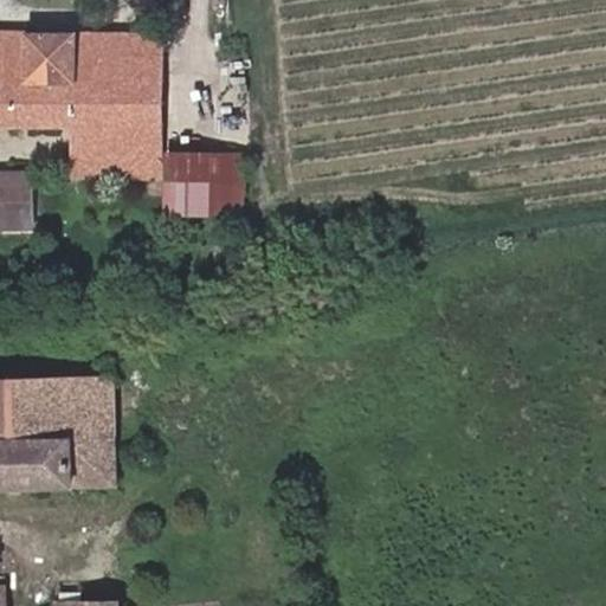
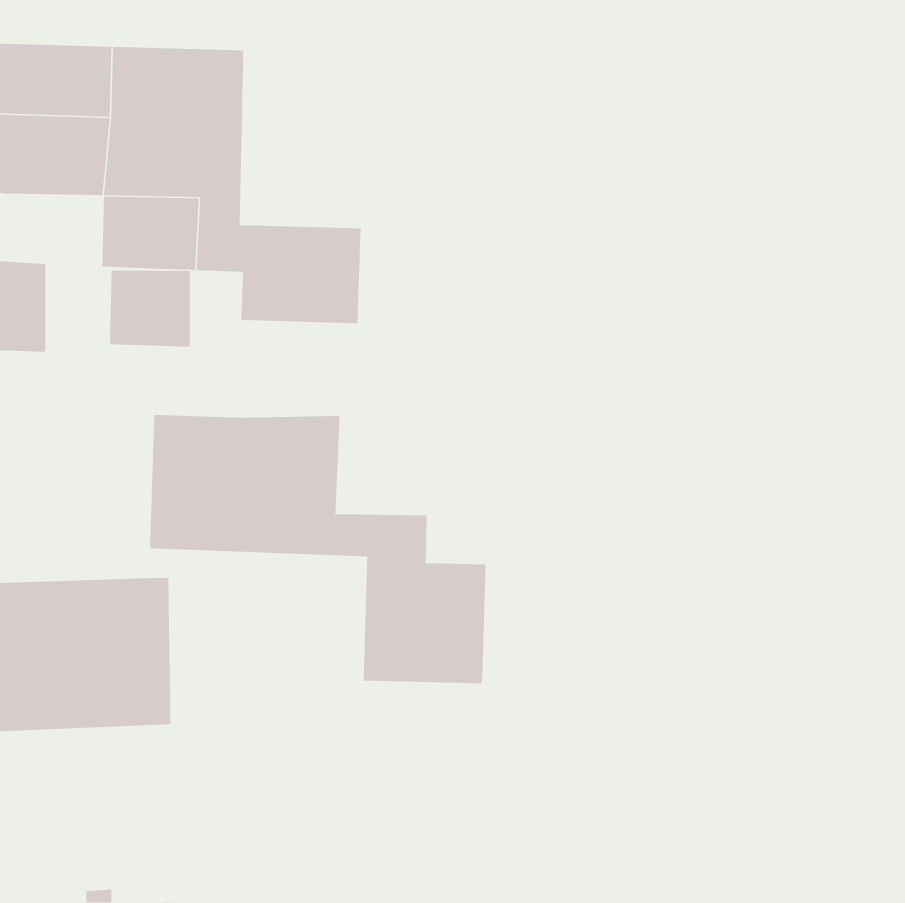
building: none -> [109,270,191,347]
building: none -> [149,414,486,684]

